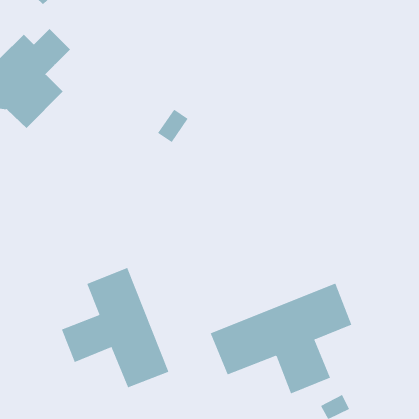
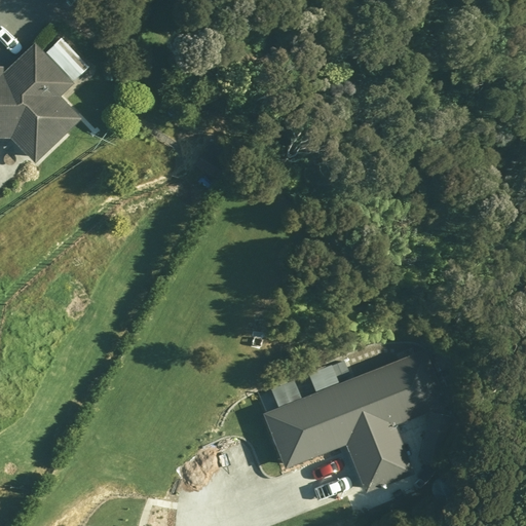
building: [61,267,169,388] -> none

